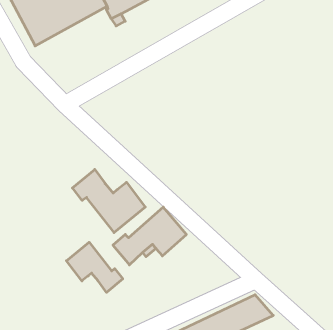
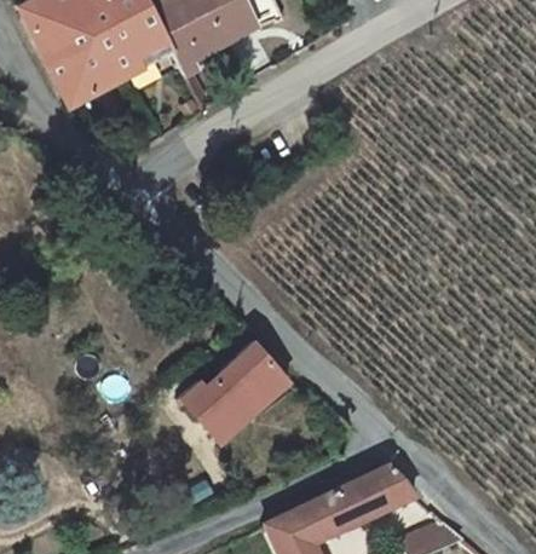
building: [72,169,145,233] -> none
building: [66,242,123,292] -> none

